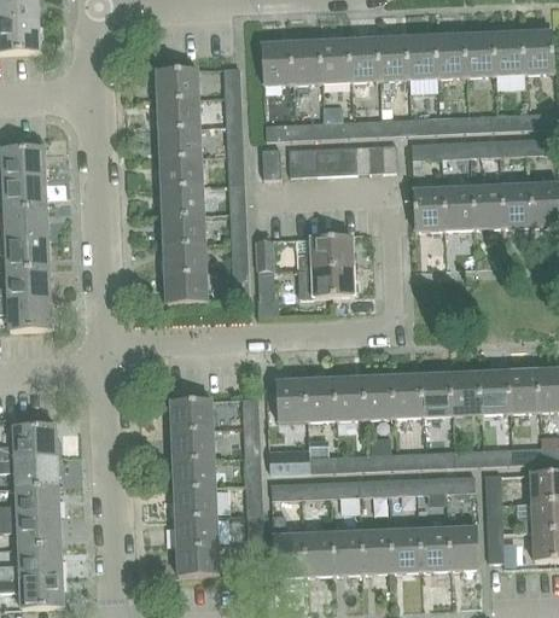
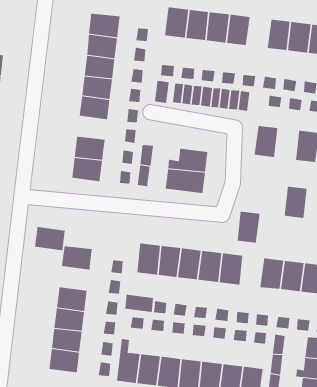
building: [378,37,408,80] -> none
building: [442,186,473,229] -> [284,186,307,218]
building: [162,215,204,245] -> none
building: [423,372,453,415] -> [237,211,260,243]
building: [171,428,214,459] -> [34,227,66,251]

